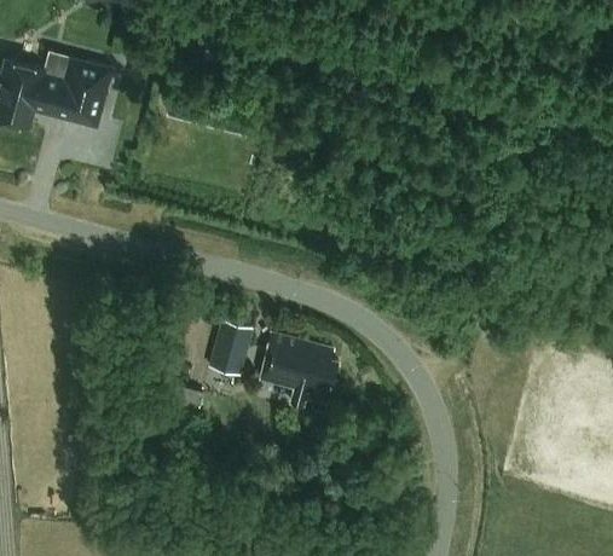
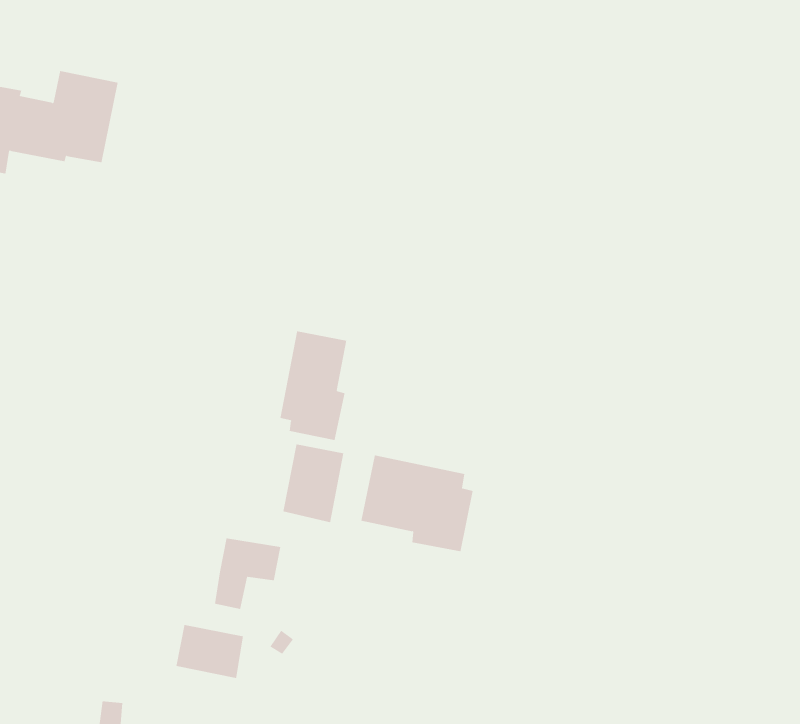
building: none -> [280,331,347,441]
building: none -> [176,624,244,679]

